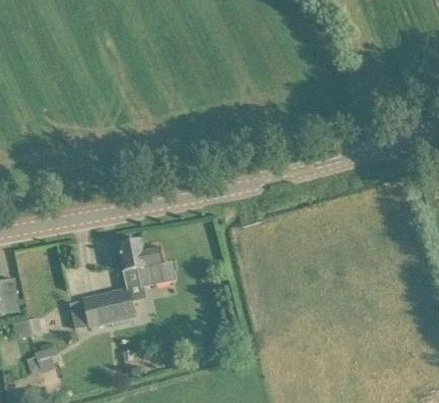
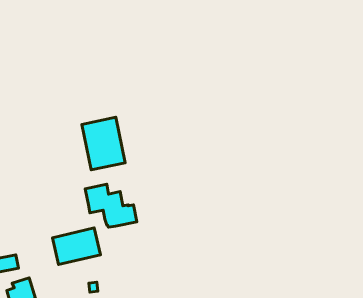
building: none -> [82,117,125,170]

